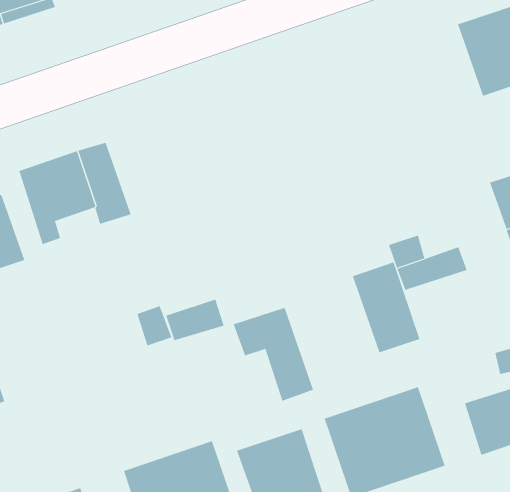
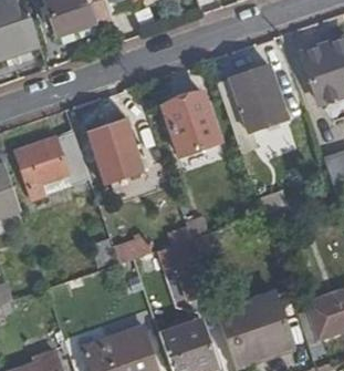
building: none -> [217,64,285,134]
building: none -> [160,91,217,154]
building: none -> [86,117,144,184]
building: [352,261,420,353] -> none

